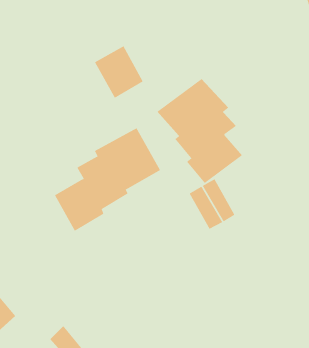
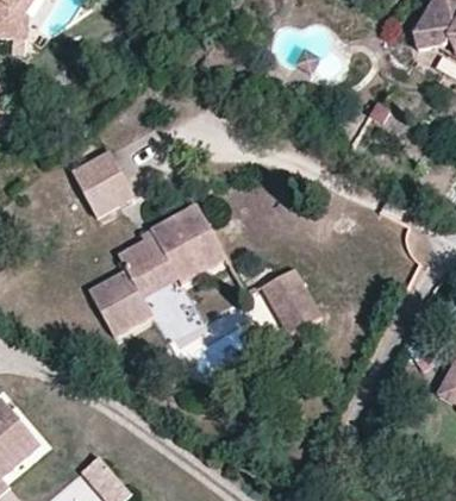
building: [94,45,143,98] -> [71,149,135,217]
building: [157,78,243,184] -> none

